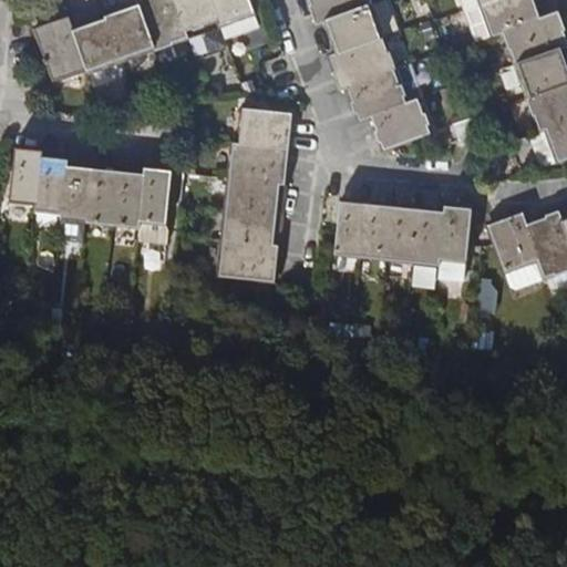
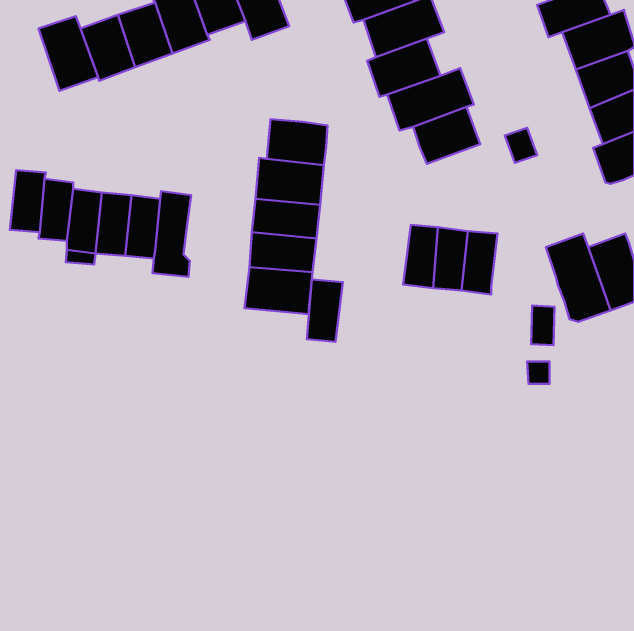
building: [334,198,367,254] -> [307,280,343,342]
building: [437,203,471,280] -> none

